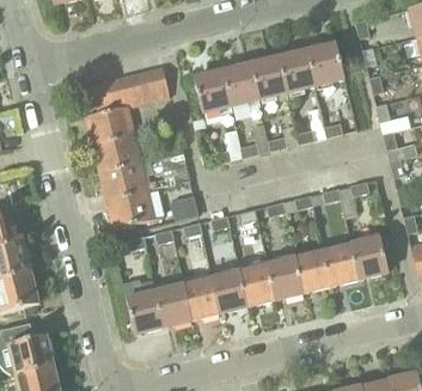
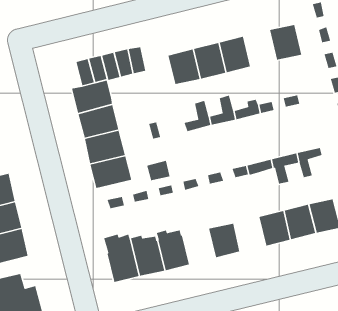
building: [279,50,316,92] -> none
building: [268,259,304,299] -> none
building: [210,273,247,313] -> none

